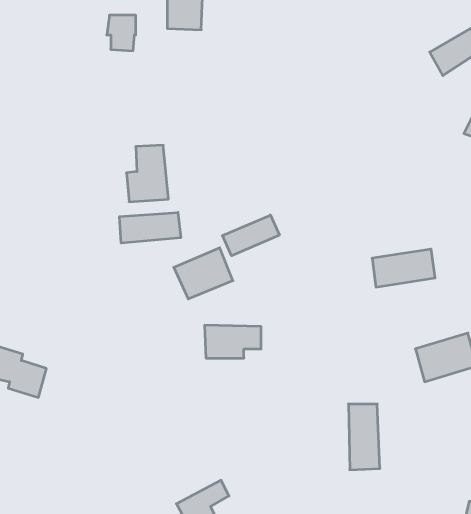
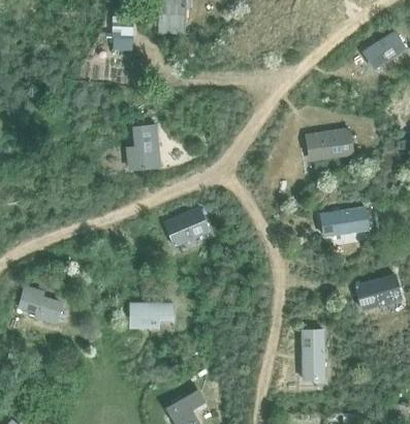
building: none -> [305,129,354,161]
building: [120,212,181,243] -> none
building: [222,215,279,256] -> none
building: [205,325,261,358] -> [128,301,172,327]

